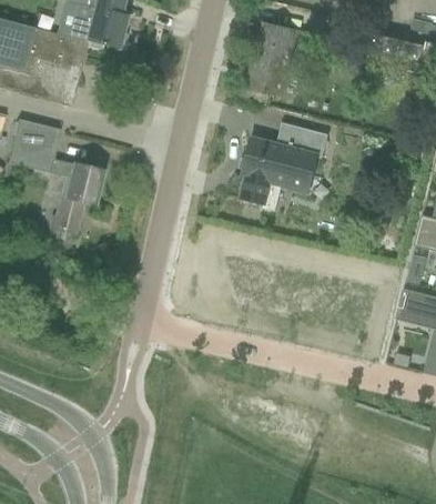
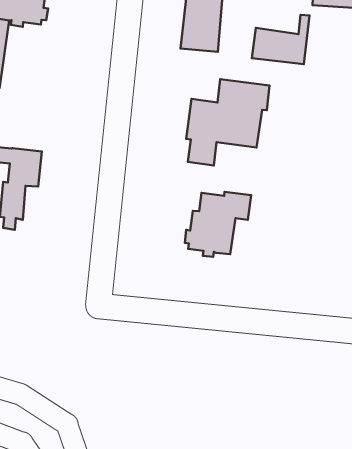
building: none -> [252,15,310,64]
building: none -> [185,192,251,257]

